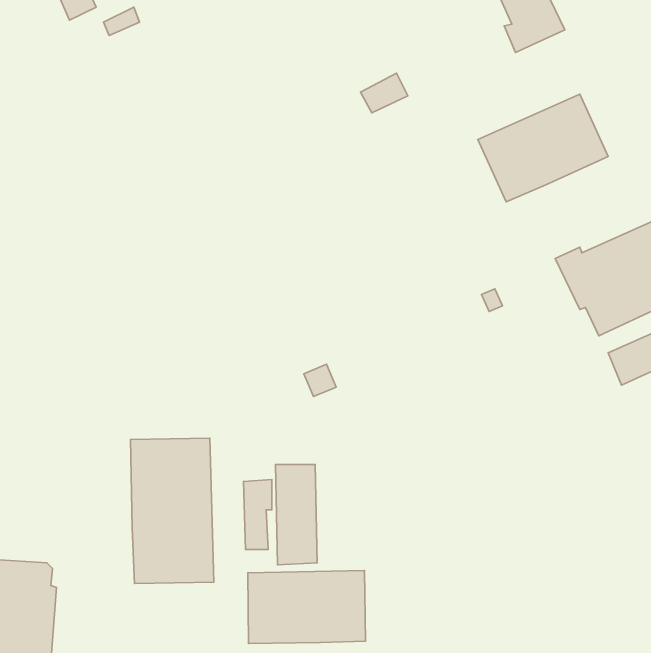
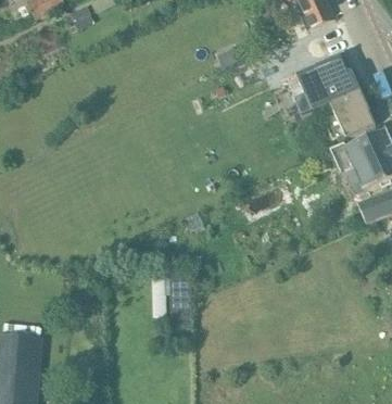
building: none -> [321,91,374,141]
building: [131,438,214,584] -> none
building: [248,571,365,643] -> none

